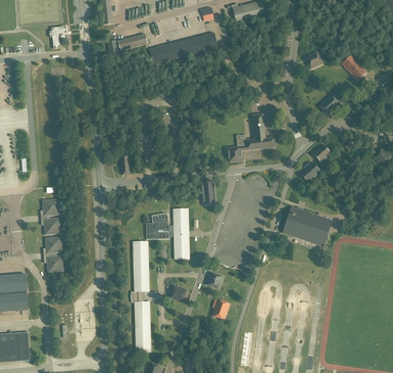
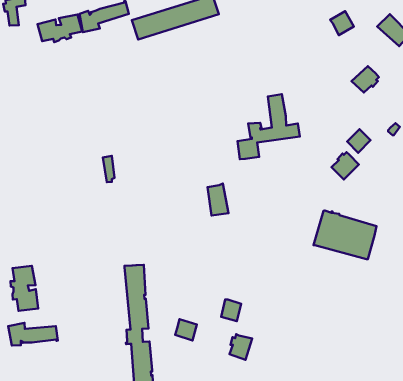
building: none -> [37,14,82,42]
building: [41,198,60,234] -> none
building: [146,207,189,258] -> none
building: none -> [8,323,58,346]

